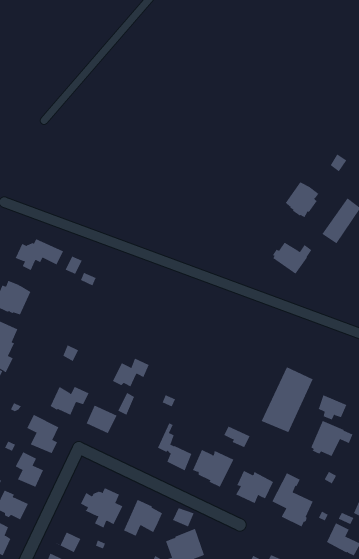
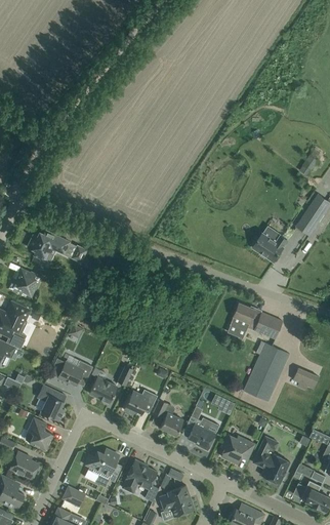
building: [285,182,319,218] -> none
building: none -> [230,302,282,338]
building: [112,358,150,387] -> [124,389,157,414]
building: [310,420,353,457] -> none

